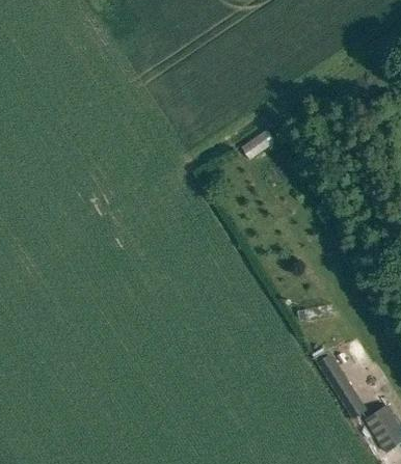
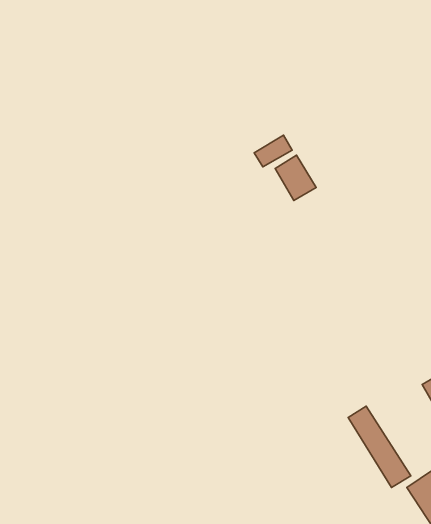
building: none -> [275,155,316,200]

